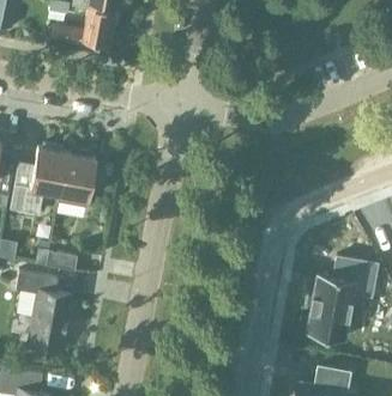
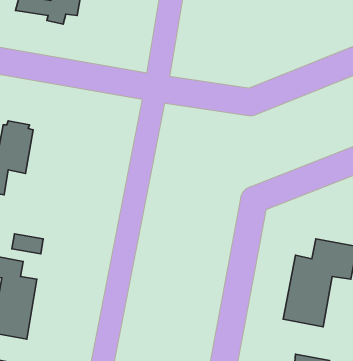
building: [58,147,96,206] -> none

